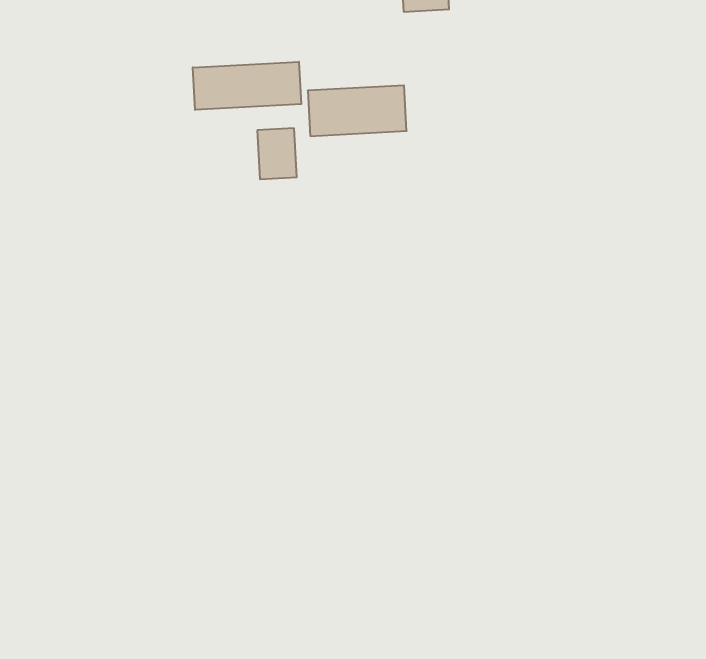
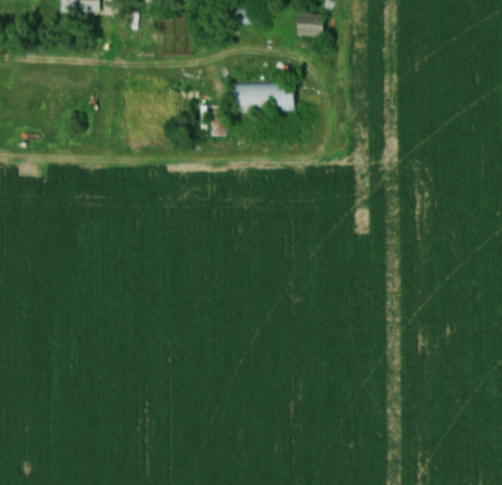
building: [193,62,301,110] -> none

